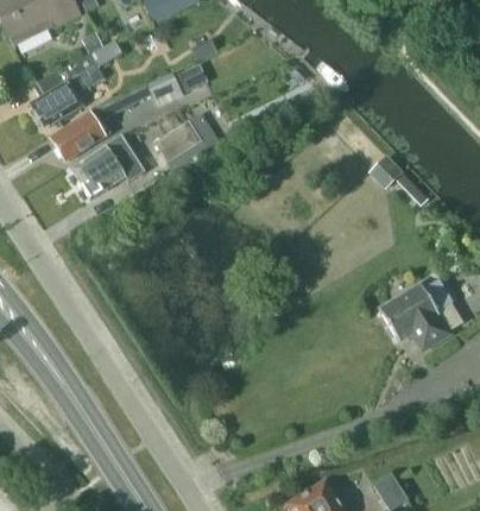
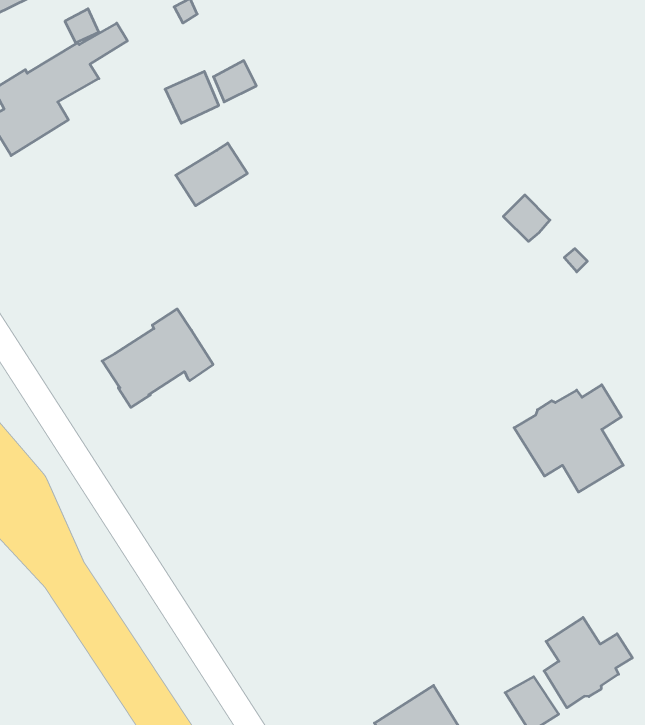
building: [52,90,138,160] -> none
building: [169,112,221,170] -> none
building: [72,133,146,198] -> [102,309,213,407]
building: none -> [544,617,632,708]

